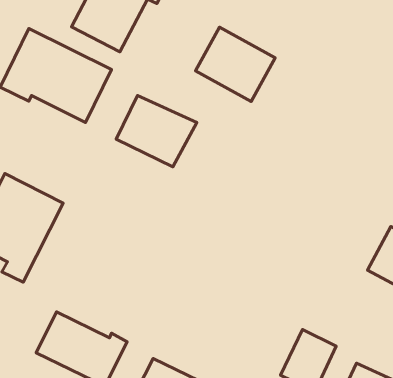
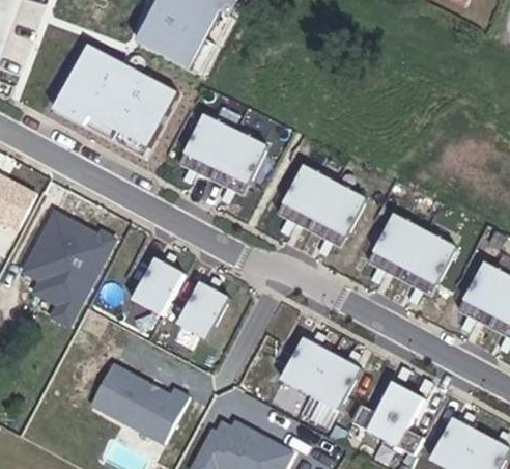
building: [195,27,275,101] -> [278,166,367,249]
building: none -> [370,215,459,298]
building: none -> [130,256,187,318]
building: none -> [174,280,228,338]
building: none -> [276,335,360,425]

